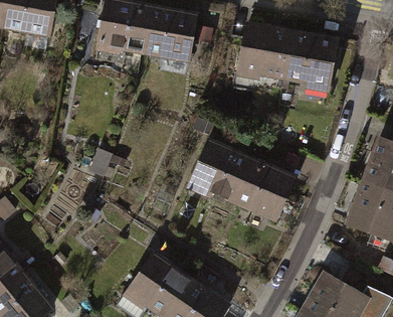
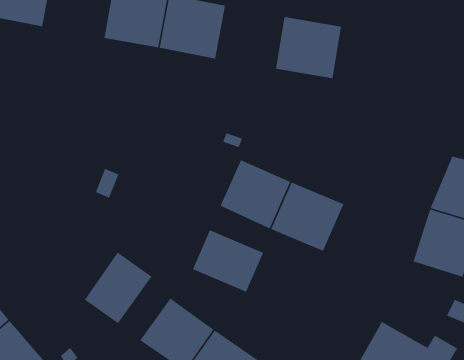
building: [284,34,336,85] -> none
building: none -> [192,229,264,293]
building: none -> [84,252,153,324]

